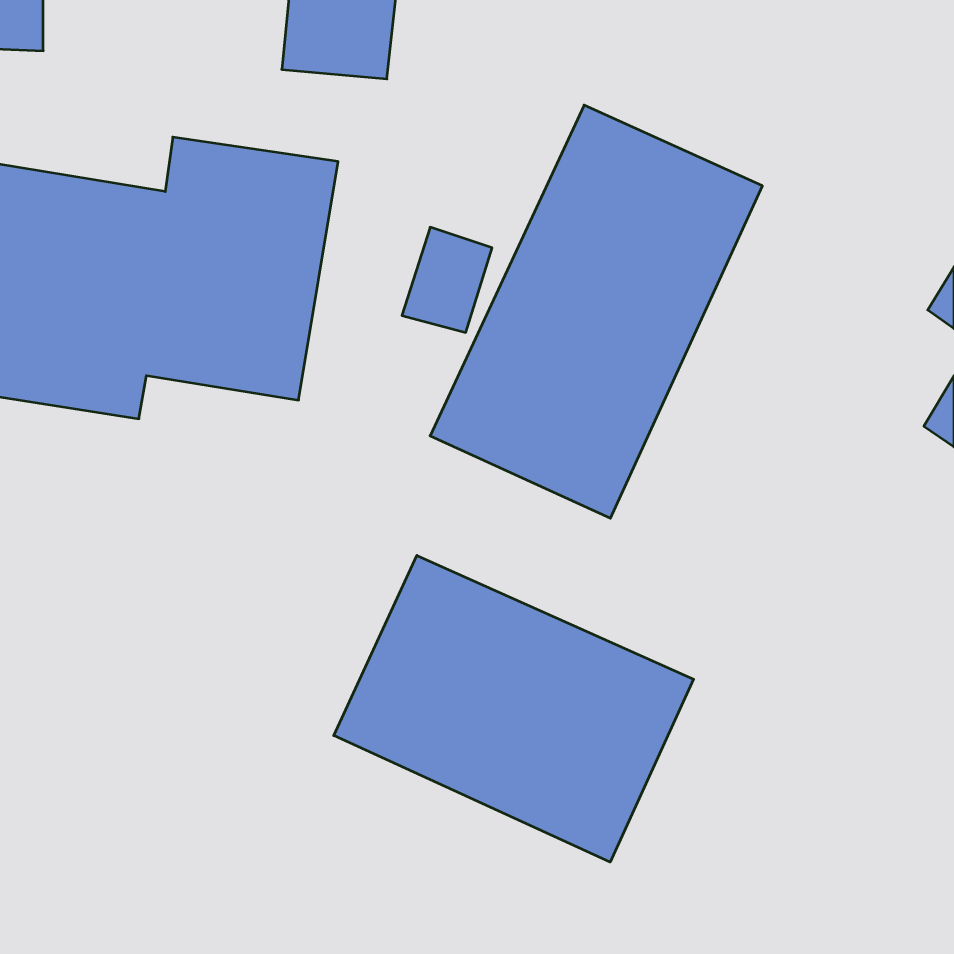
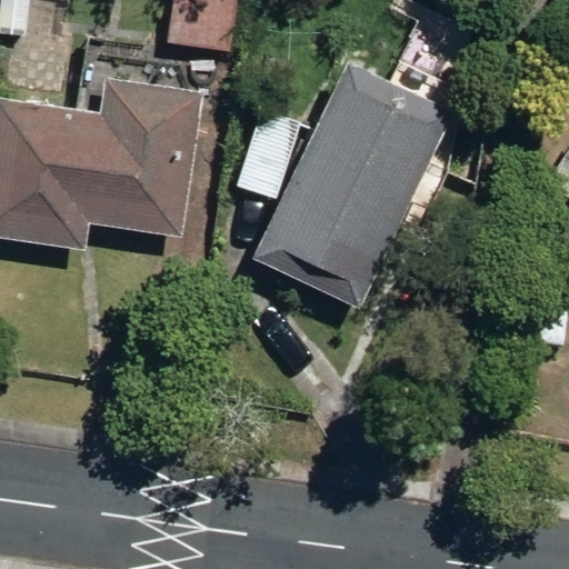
building: [334,555,694,862] -> none

